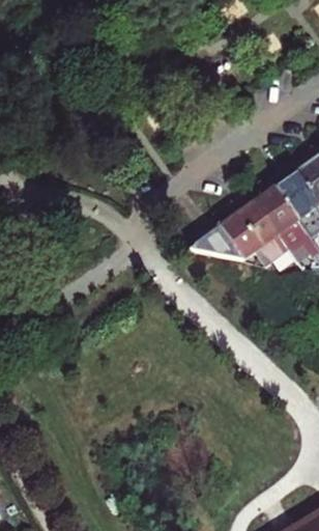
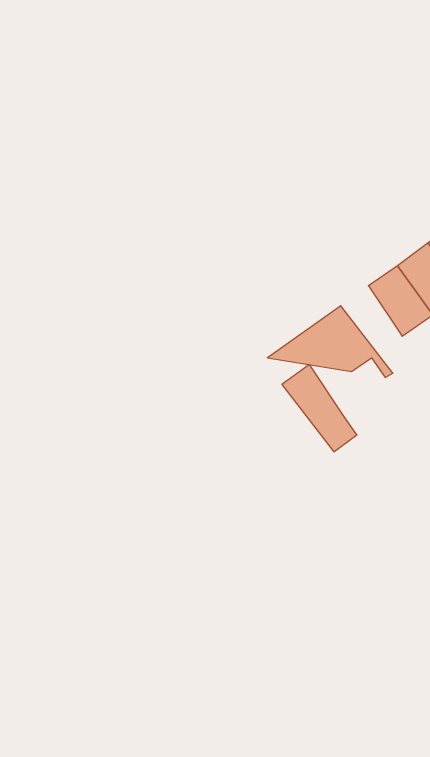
building: [234,201,285,260] -> [282,365,357,452]

